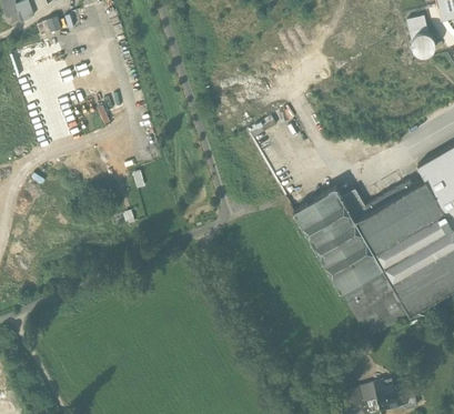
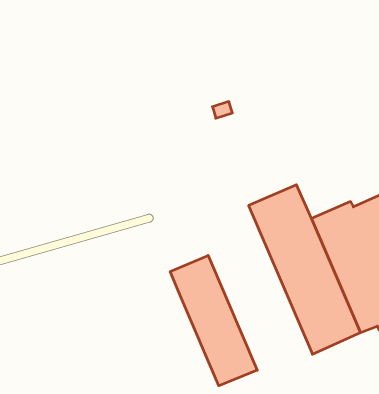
building: none -> [170,255,257,386]

